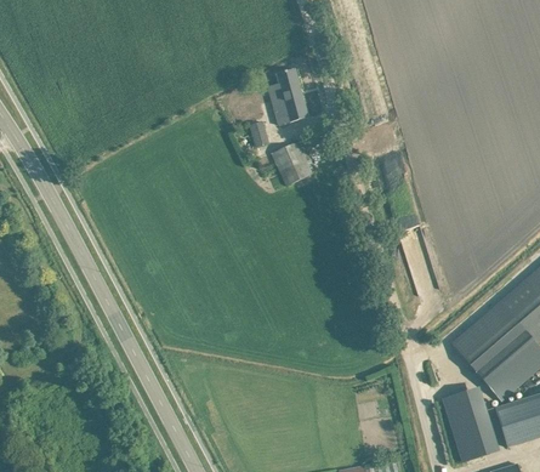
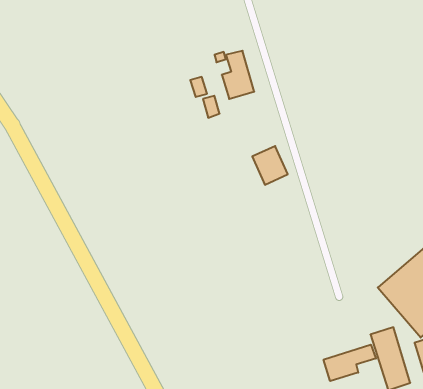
building: [271,141,312,186] -> [252,146,288,185]
building: none -> [324,345,376,381]

